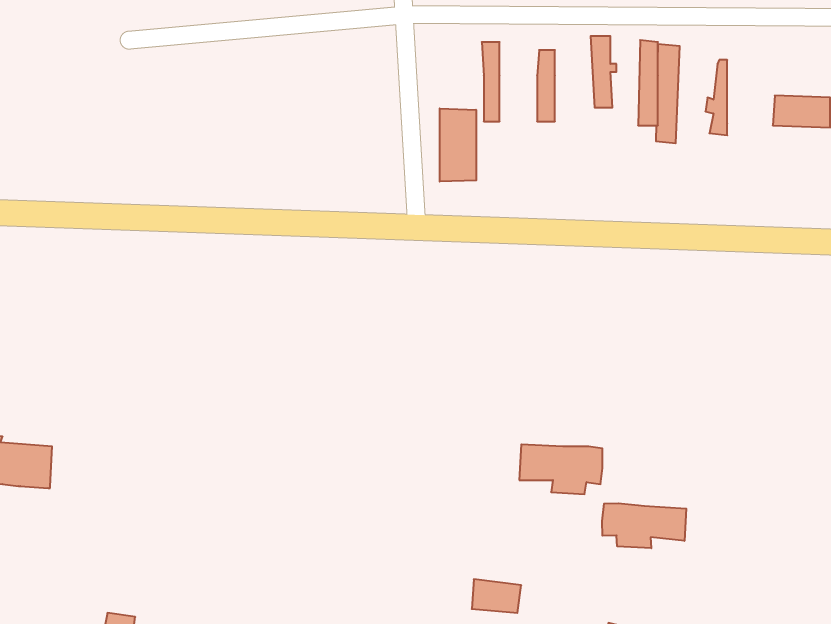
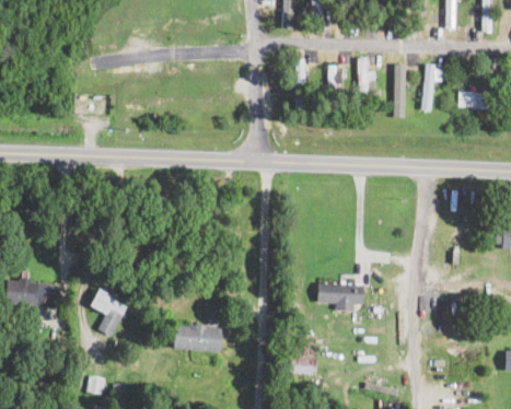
building: [440,108,476,182] -> none
building: none -> [90,289,128,335]
building: [602,503,686,548] -> none
building: none -> [173,325,222,352]

